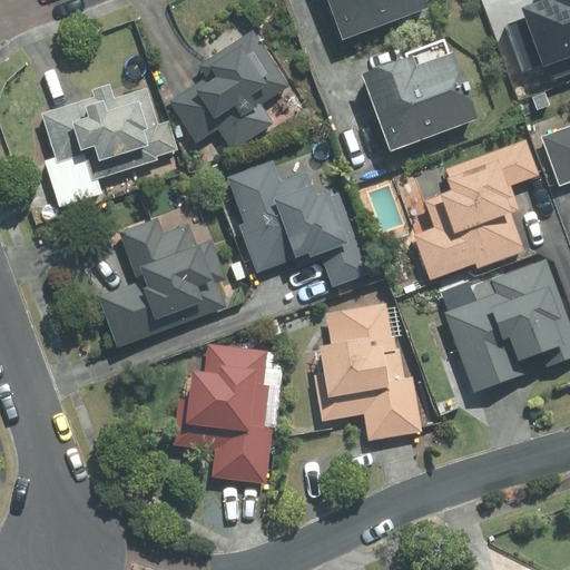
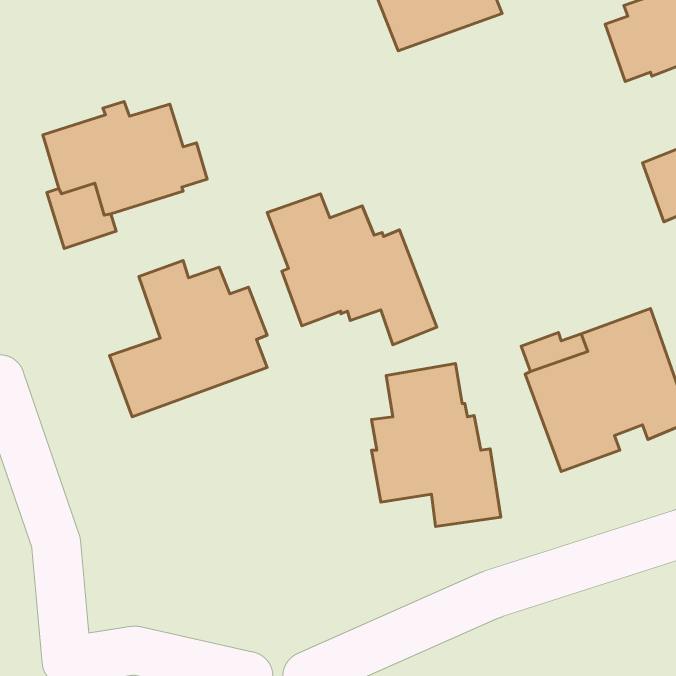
building: [169,29,289,149] -> none
building: [356,40,473,155] -> none
building: [414,138,540,278] -> none
building: [173,342,273,482] -> none

